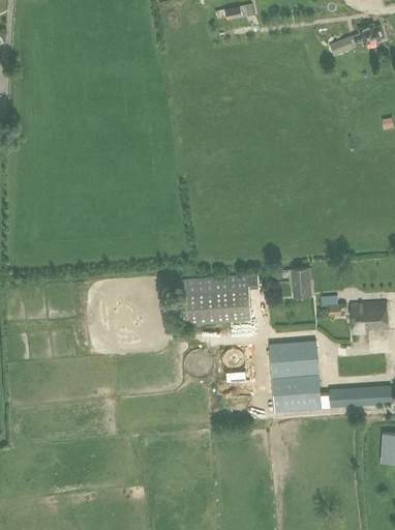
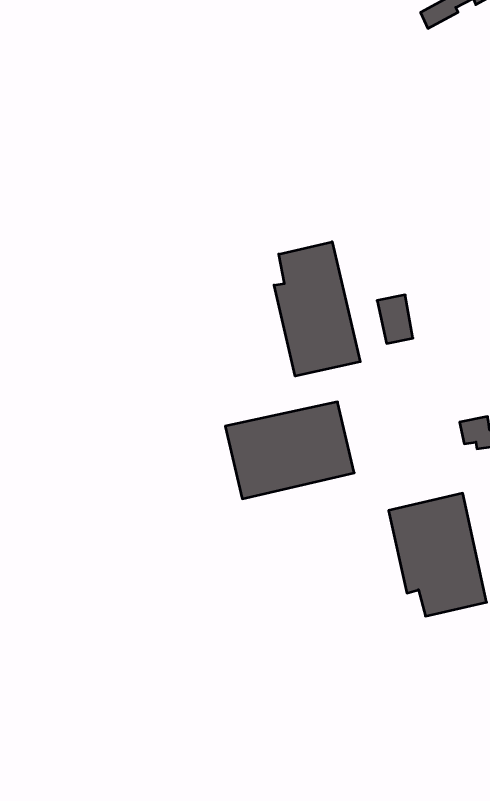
building: none -> [274,242,360,376]
building: [292,268,310,296] -> [377,295,413,343]

